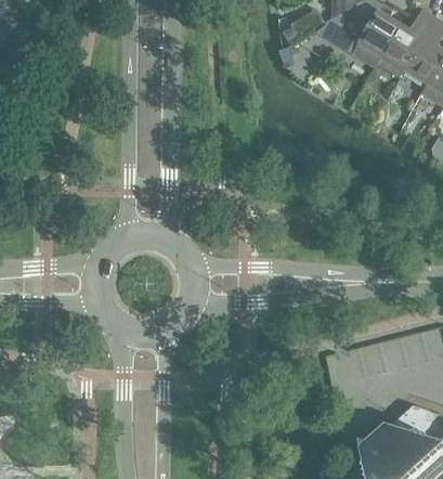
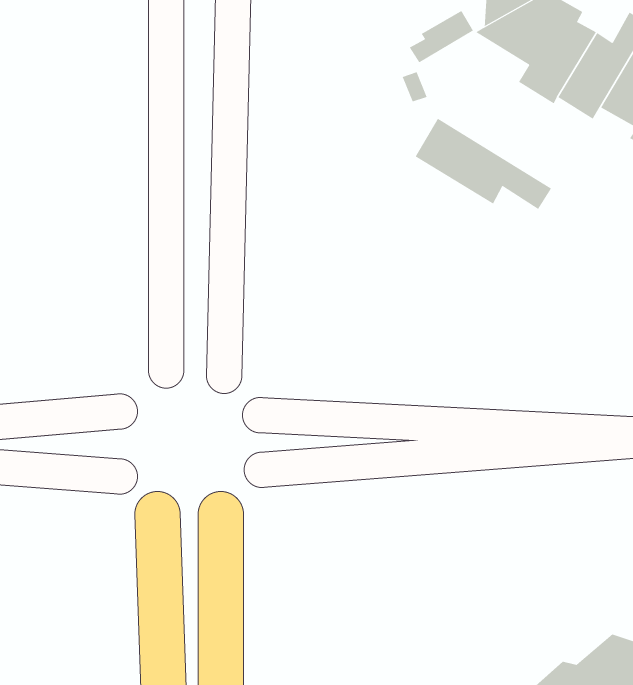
building: none -> [415,118,552,210]

